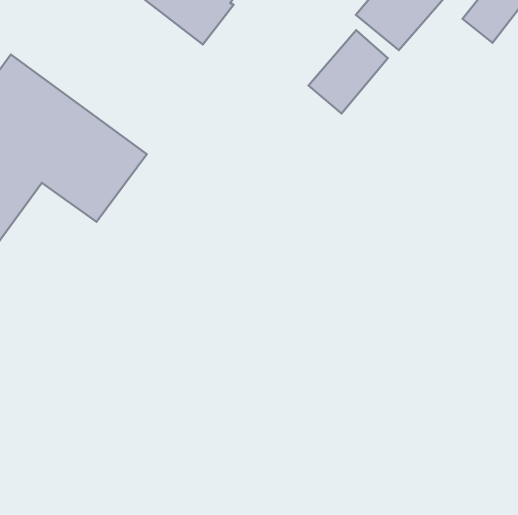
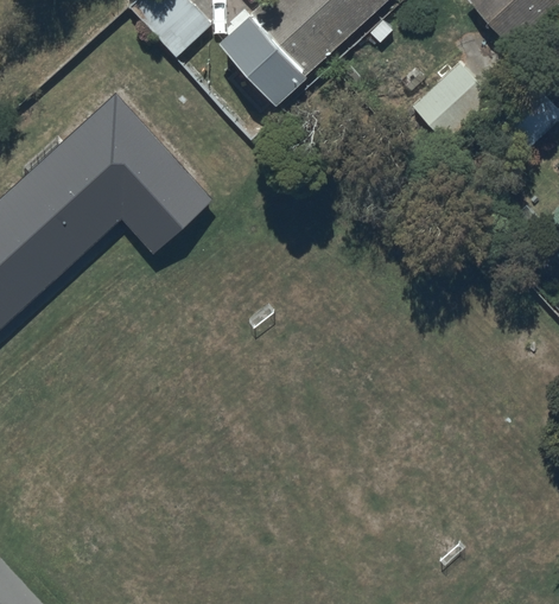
building: [308,30,388,114] -> none

